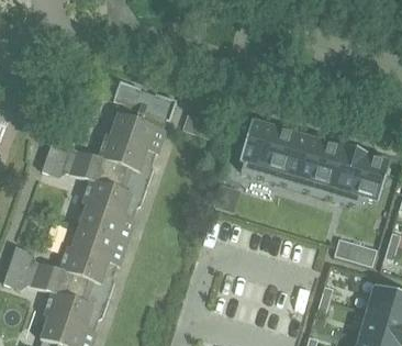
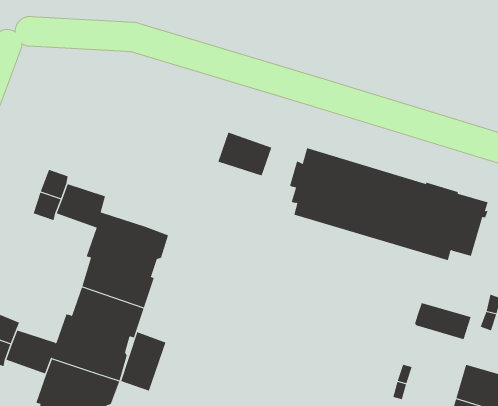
building: [94,79,176,185] -> none
building: none -> [121,331,166,391]

